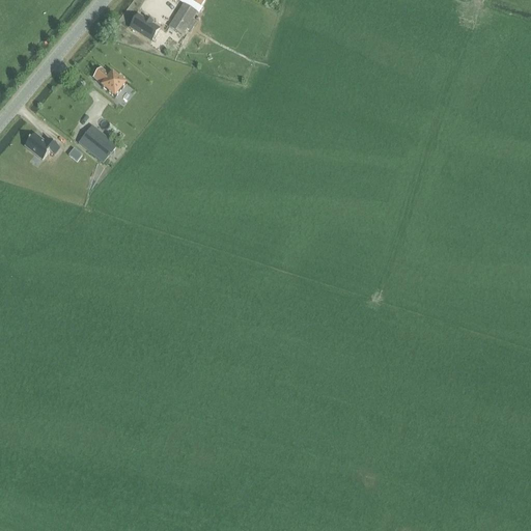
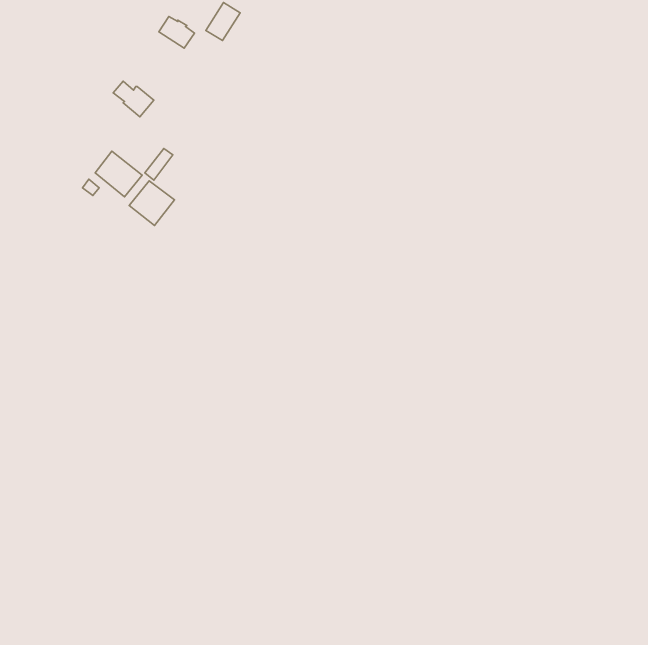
building: [24,132,59,159] -> none
building: none -> [129,181,174,226]

